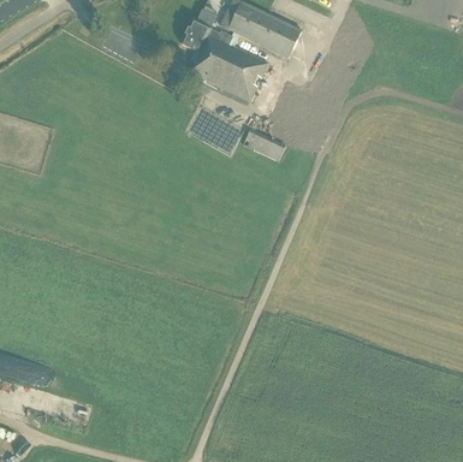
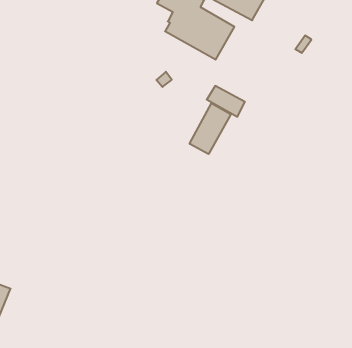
building: none -> [190,103,231,154]

